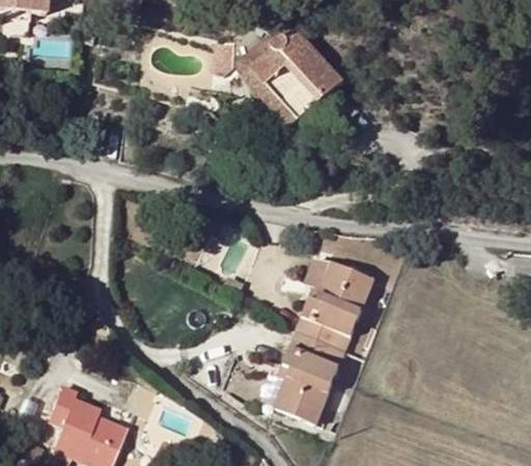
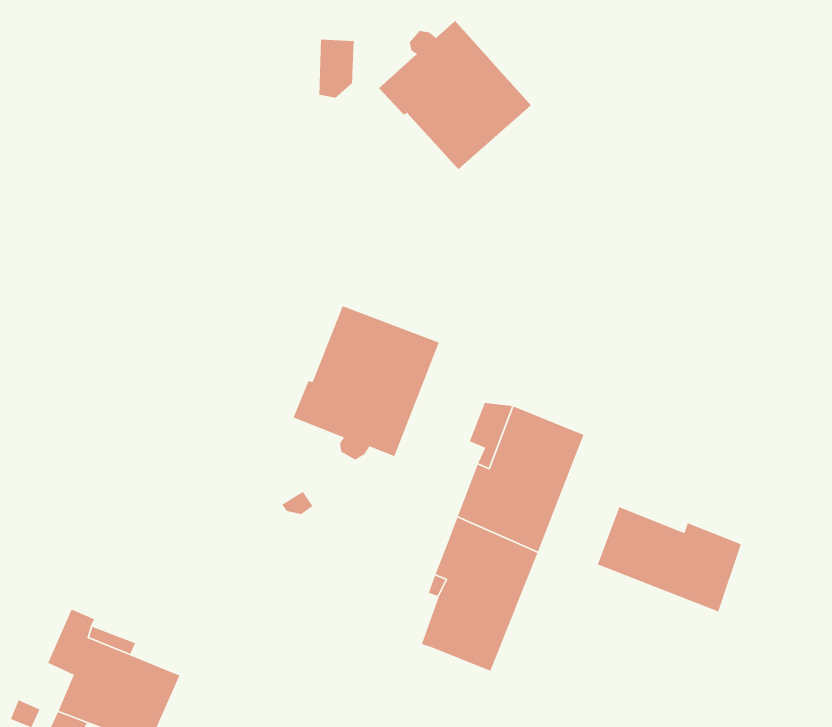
building: [236,37,297,128] -> none
building: none -> [293,305,440,460]
building: none -> [597,506,742,612]

